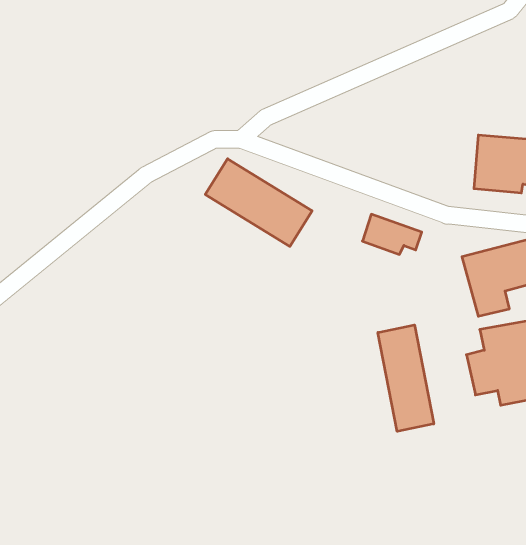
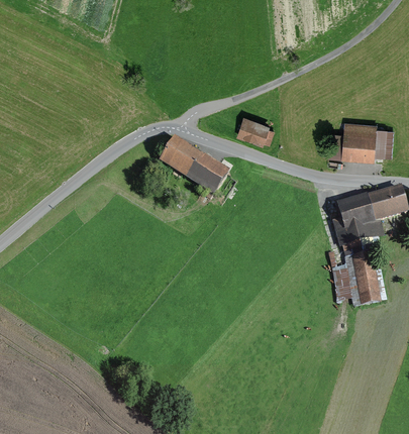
building: [362,214,422,254] -> [237,117,278,144]
building: [378,325,434,431] -> none

